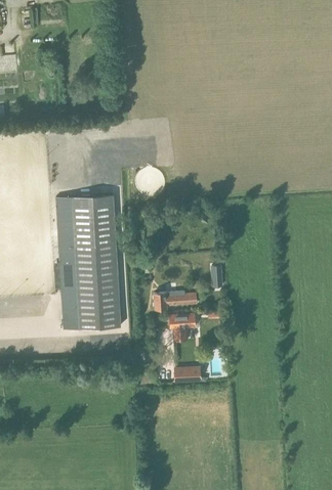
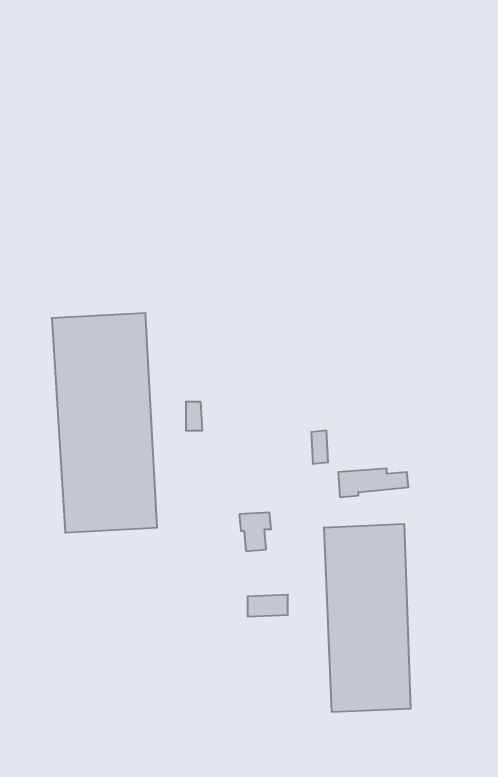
building: [155,292,198,309] -> [338,469,409,497]
building: none -> [324,524,410,712]

